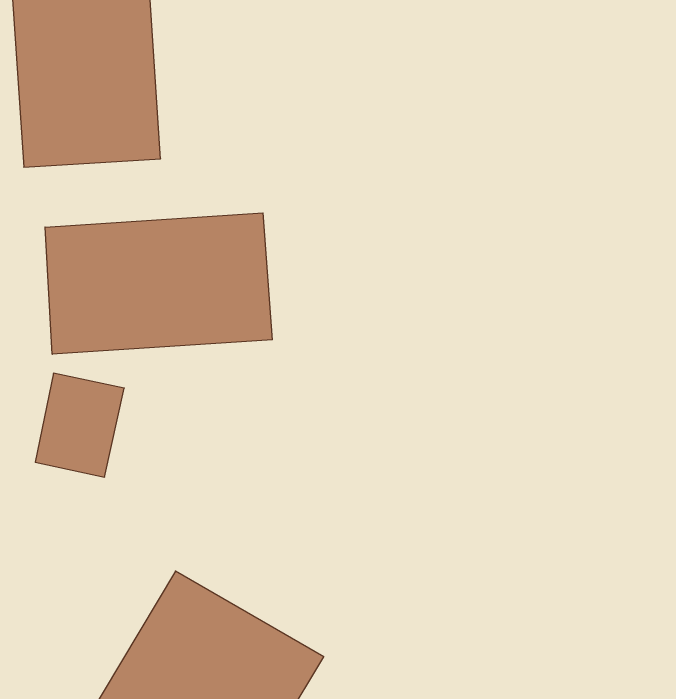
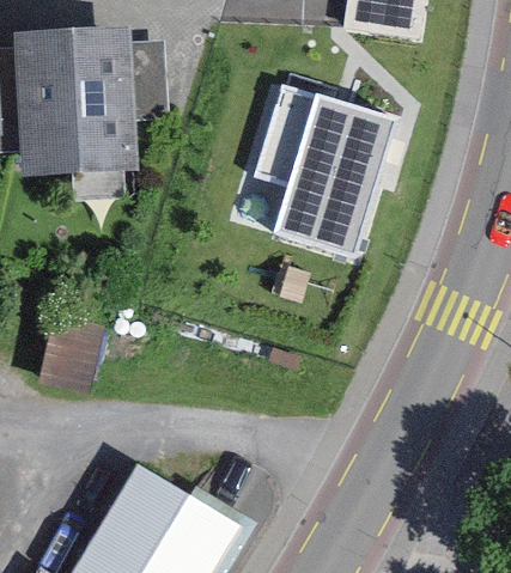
building: none -> [251,87,389,254]
building: [45,213,272,354] -> none

